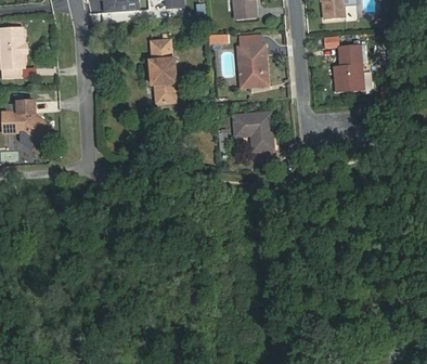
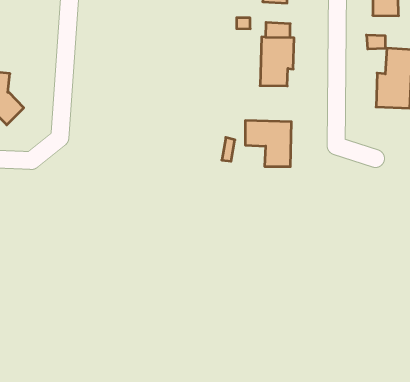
building: [147,39,176,102] -> none

